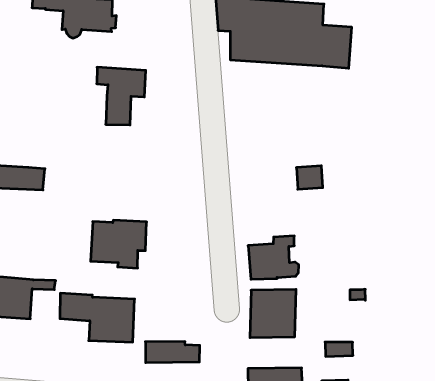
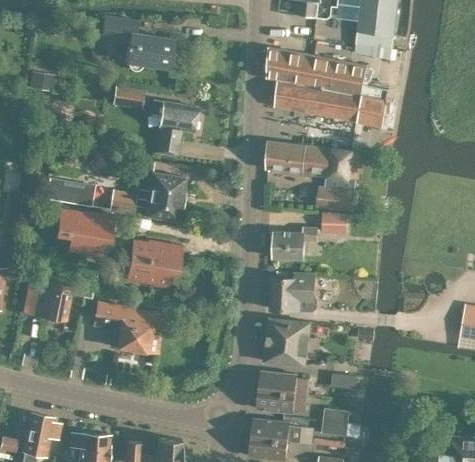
building: none -> [112,87,144,109]
building: none -> [266,141,364,212]
building: none -> [108,173,184,222]
building: none -> [272,228,316,259]
building: none -> [56,209,113,254]
building: [145,342,200,363] -> [258,371,309,395]

